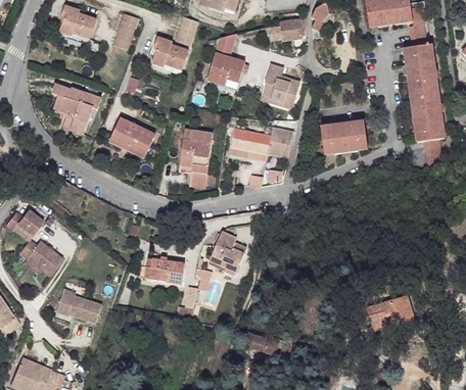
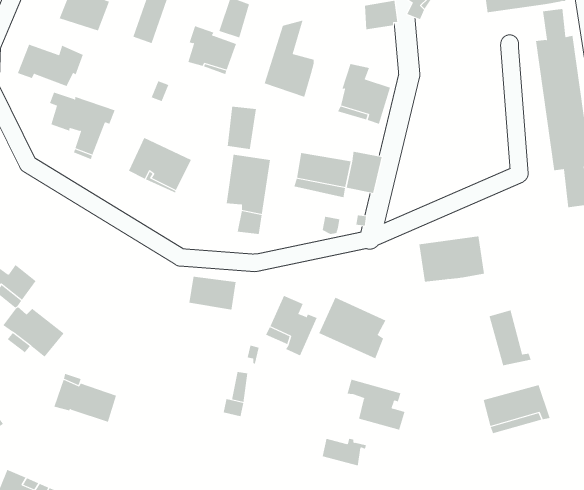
building: none -> [17,44,83,87]
building: none -> [227,106,256,150]
building: [320,120,368,154] -> [418,236,485,282]
building: none -> [318,297,386,359]
building: none -> [489,310,532,366]
building: [149,259,184,284] -> [188,276,237,310]
building: none -> [347,379,405,430]

